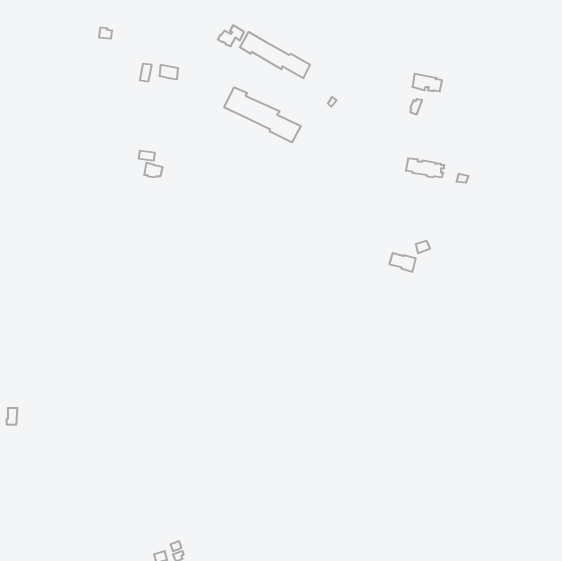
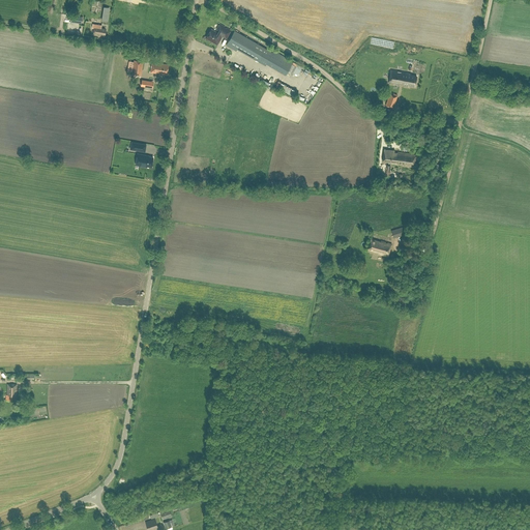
building: [224,87,301,142] -> none

